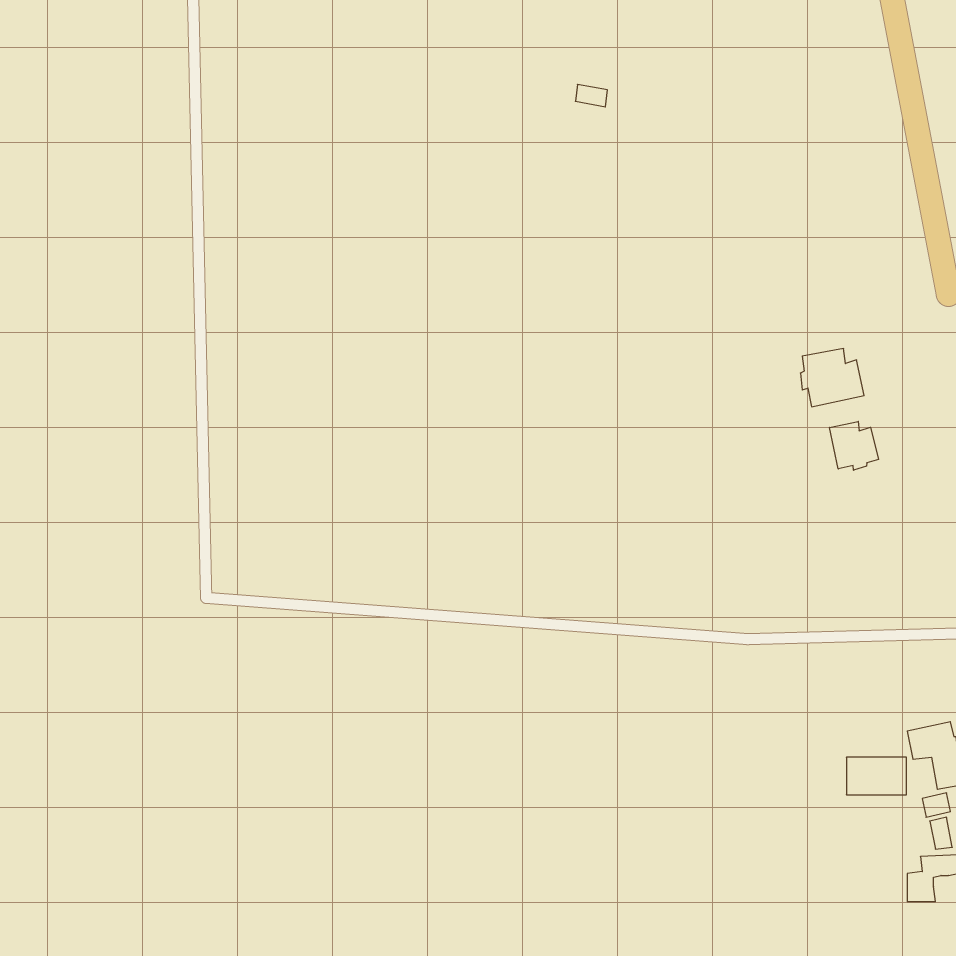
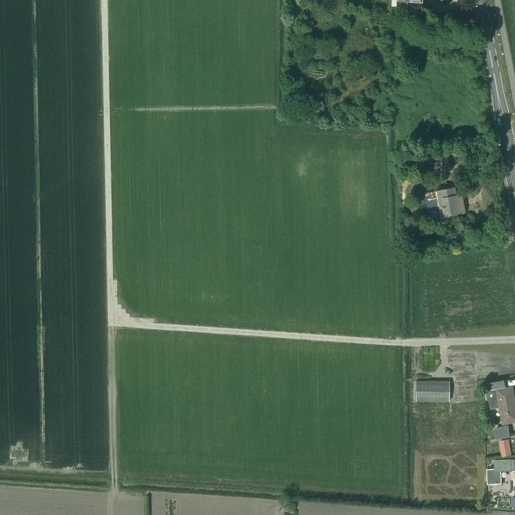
building: [830,421,878,470] -> none
building: [846,757,906,795] -> [416,381,449,401]

